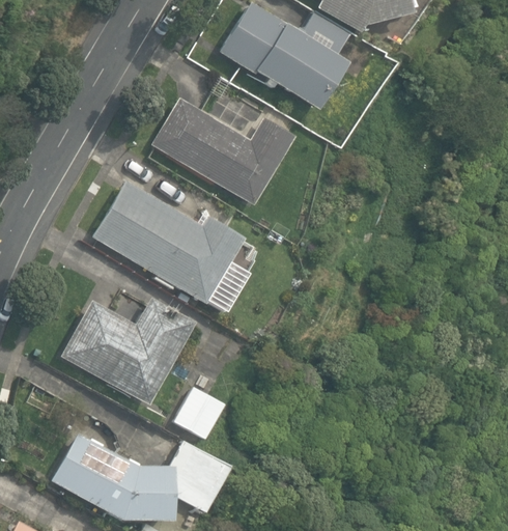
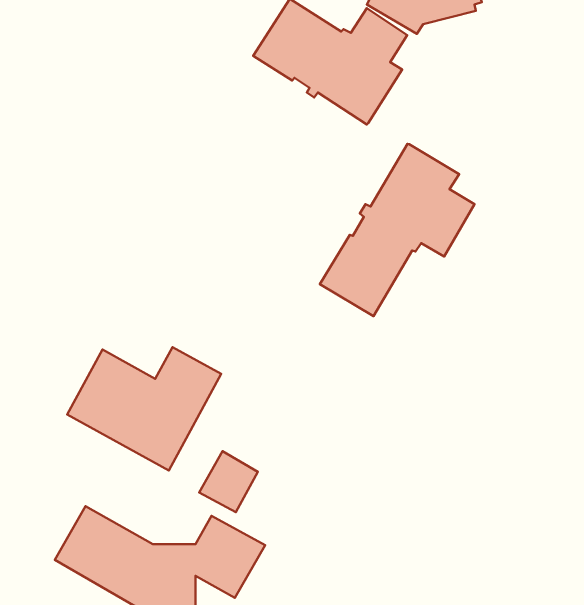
building: [153,100,293,204] -> none
building: none -> [320,144,475,316]
building: [92,181,244,303] -> none

